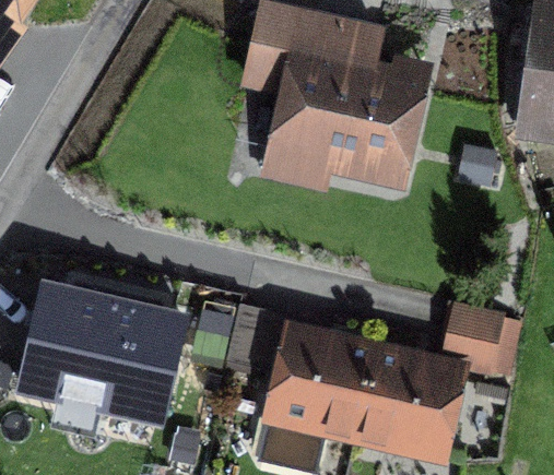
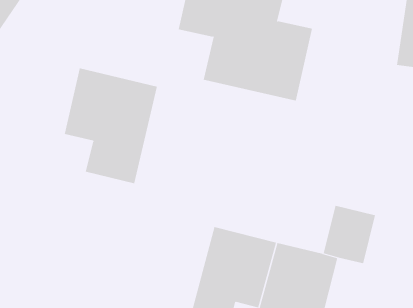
building: none -> [64,67,158,184]
building: [25,294,188,423] -> none

